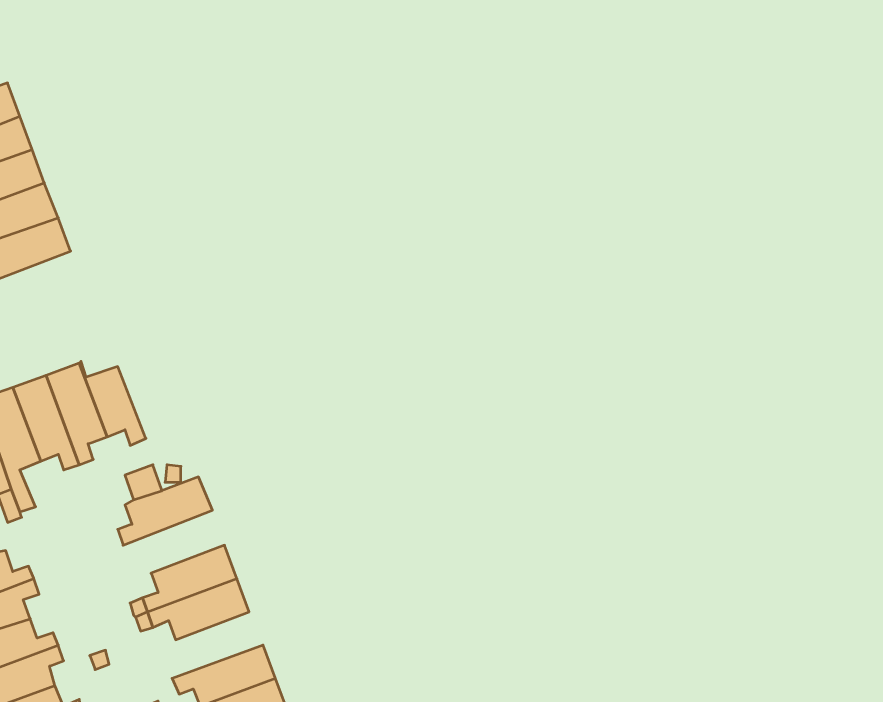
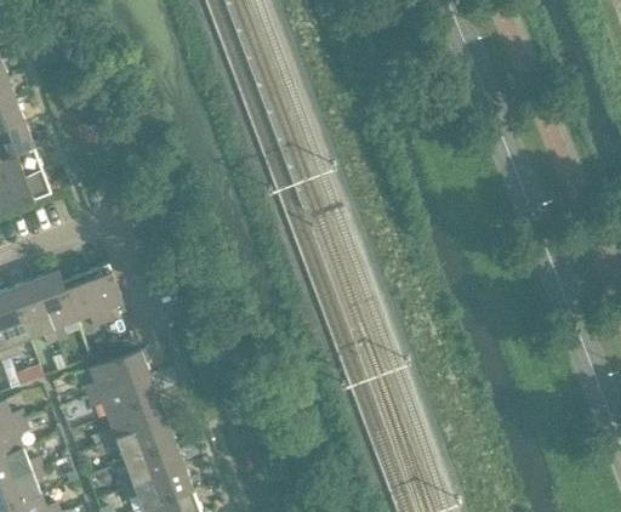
building: none -> [84,264,123,324]
building: none -> [87,374,158,417]
building: none -> [119,444,184,490]

